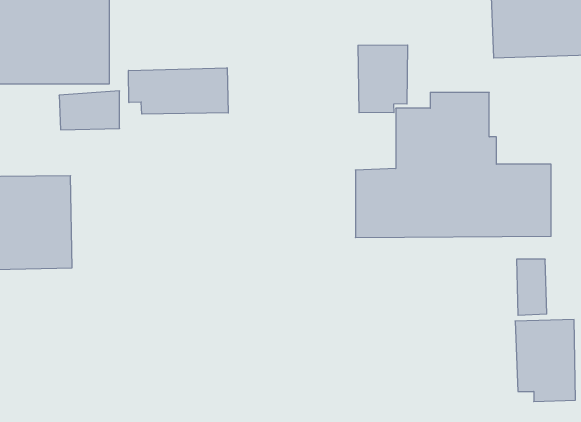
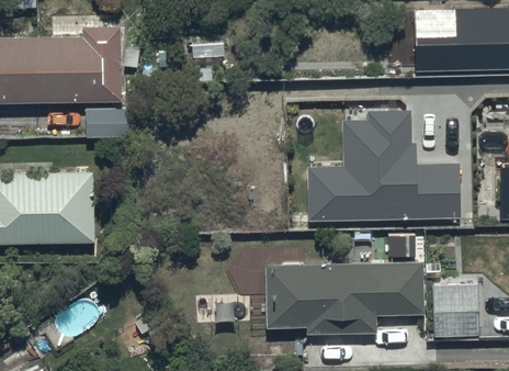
building: [358,45,407,113] -> none
building: [129,68,228,114] -> none
building: none -> [264,262,425,333]

